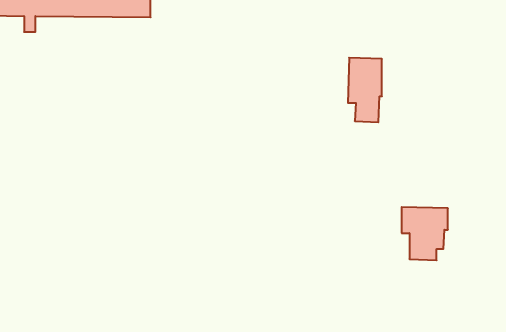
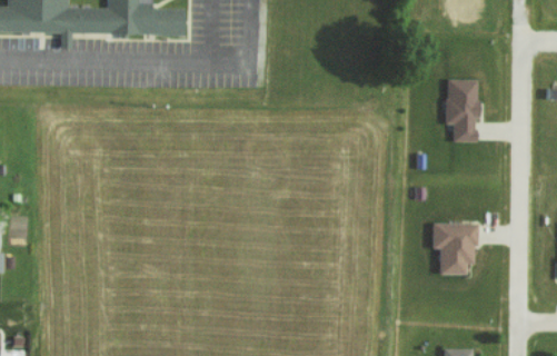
building: [348,58,382,122] -> [445,79,478,142]

